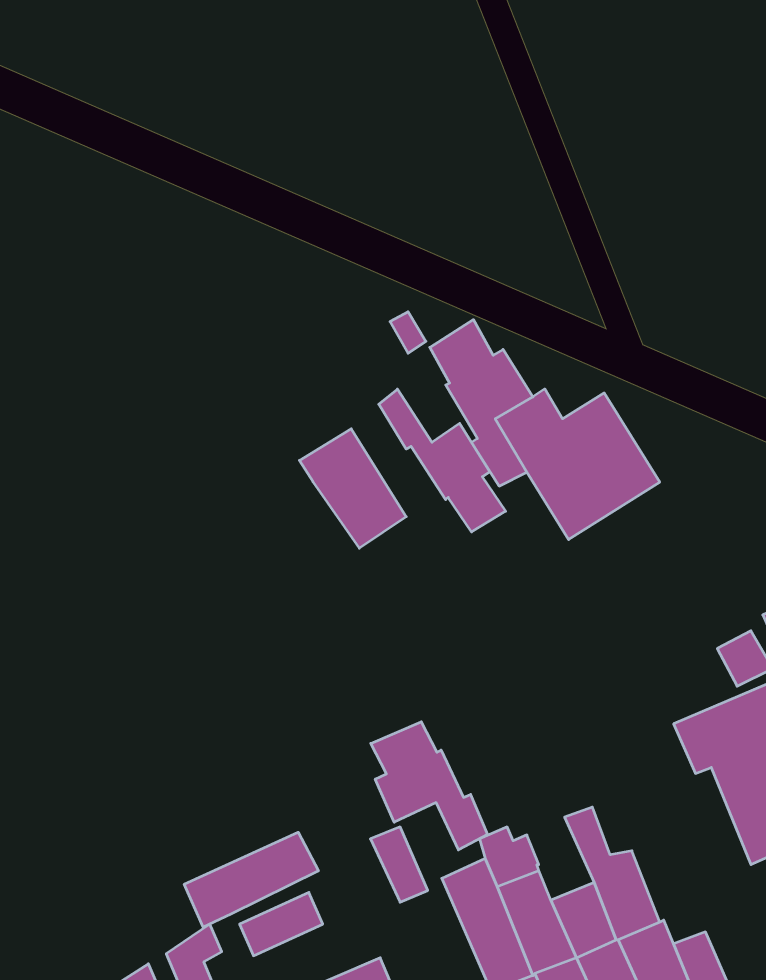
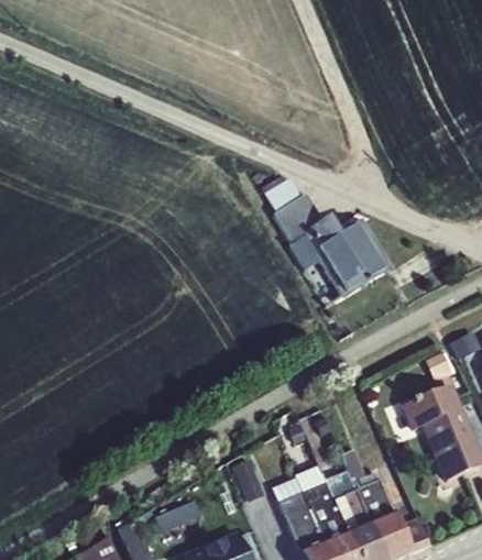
building: [379,389,506,532] -> none
building: [299,429,406,548] -> none
building: [371,722,488,850] -> none
building: [184,832,318,927] -> none

